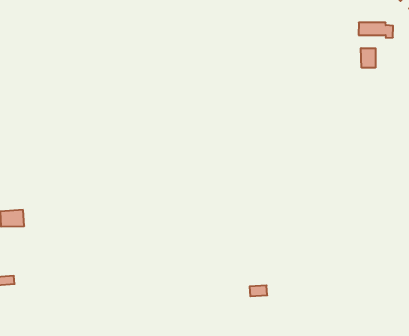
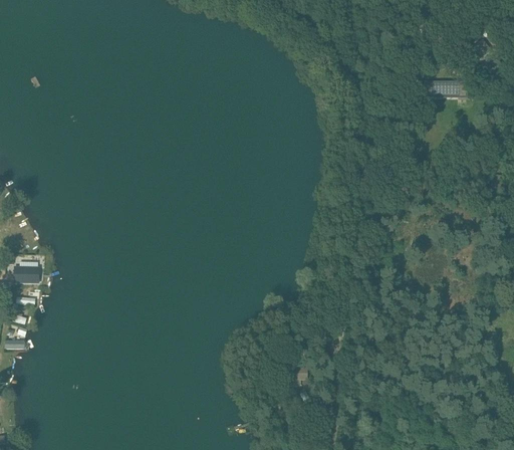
building: [361,48,376,68] -> none

